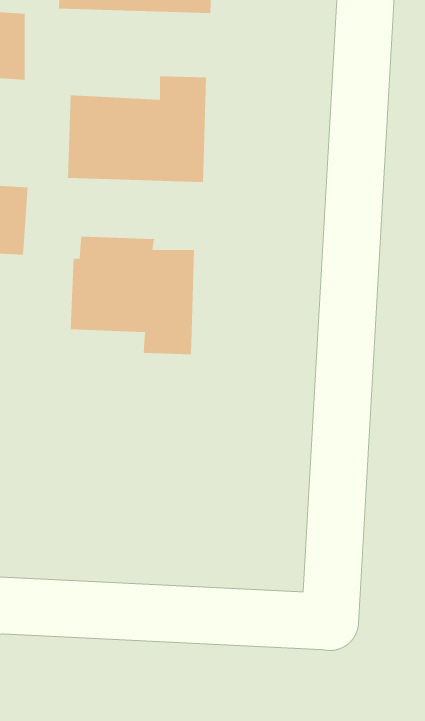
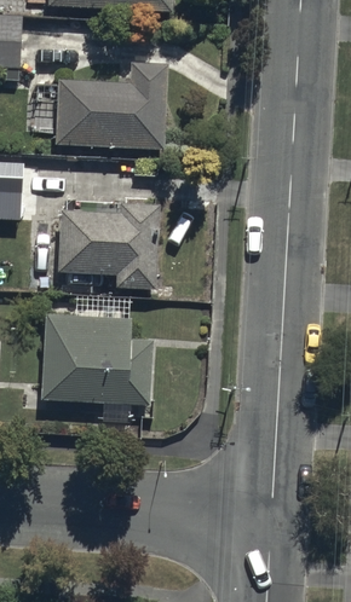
building: none -> [42,329,153,417]

